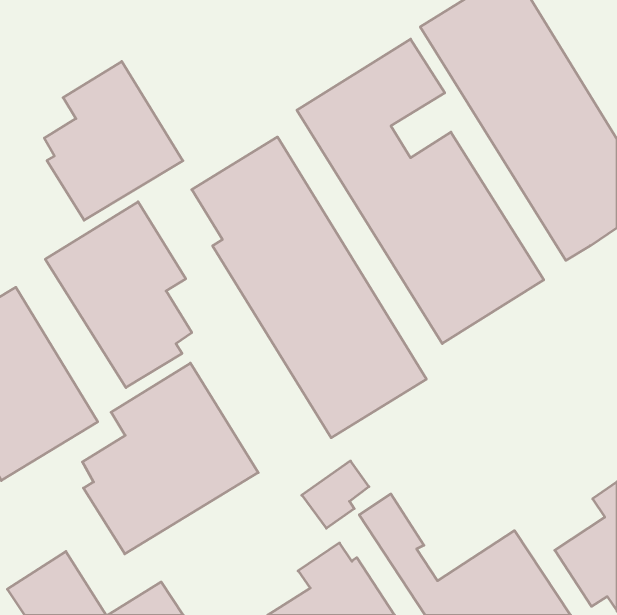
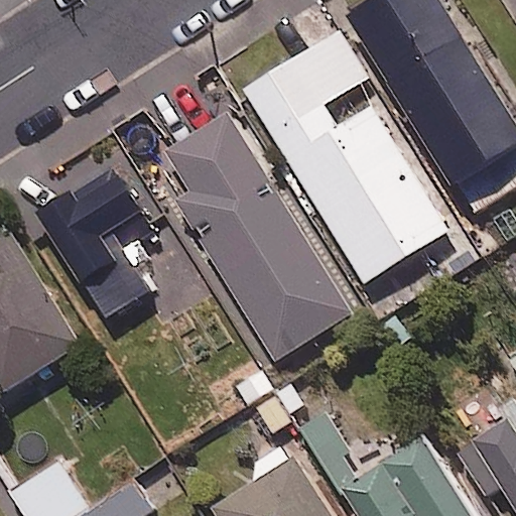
building: [44,61,183,220] -> none
building: [82,363,258,554] -> none

